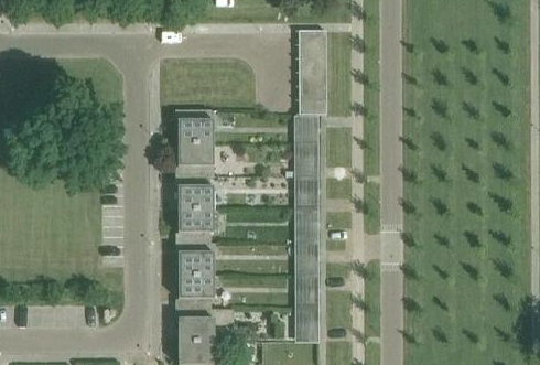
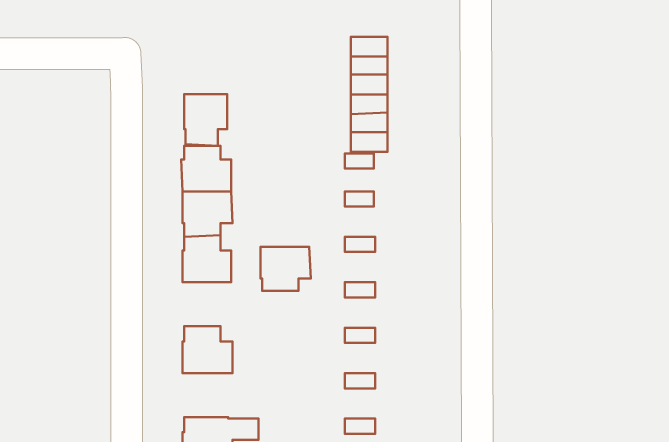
building: none -> [184,94,227,146]
building: [177,212,214,244] -> [261,247,311,291]
building: [177,278,214,310] -> none

